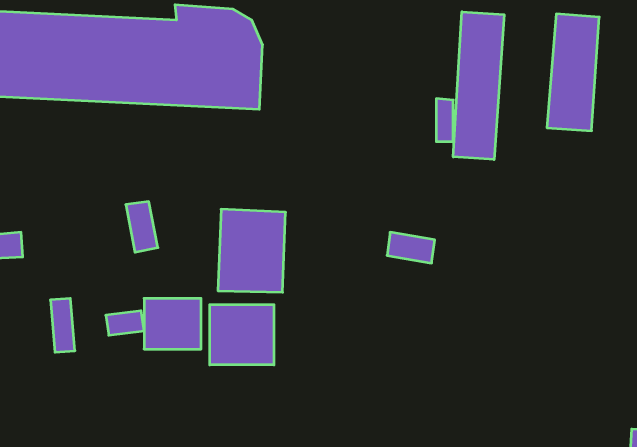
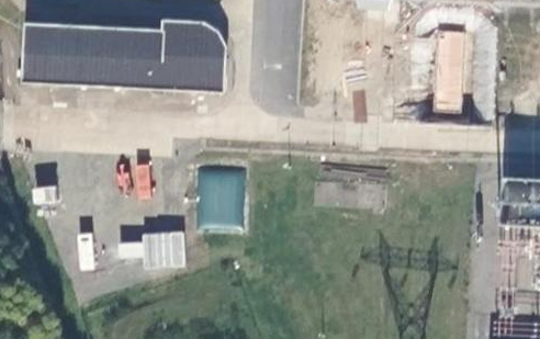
building: [453,12,504,160] -> none
building: [210,305,274,365] -> none

